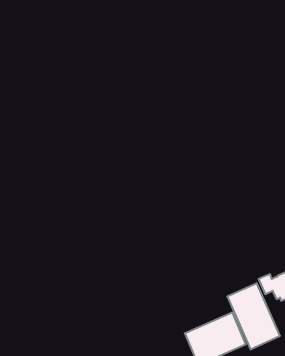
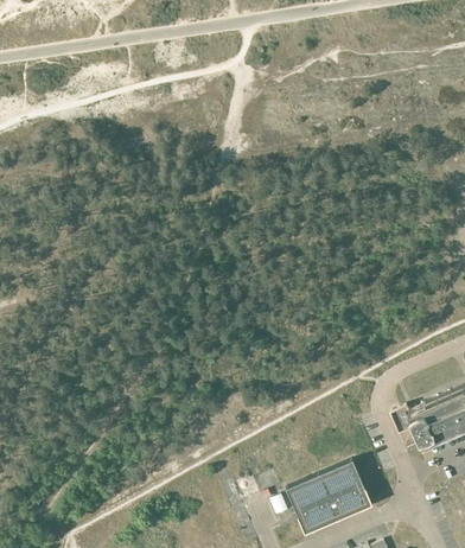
building: [227,283,280,350] -> none

